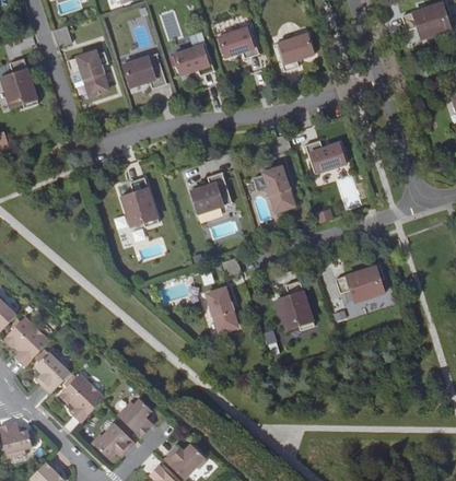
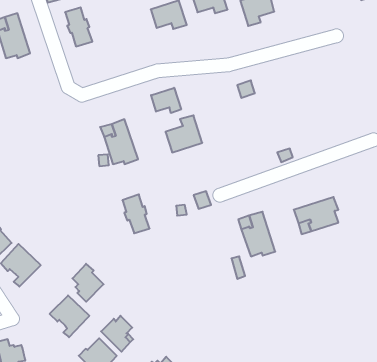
building: [121,52,165,87] -> none
building: [304,139,344,173] -> none
building: none -> [151,88,181,113]
building: [262,166,292,210] -> none
building: [206,288,236,331] -> [122,194,150,233]
building: [35,350,70,392] -> [72,264,104,302]

